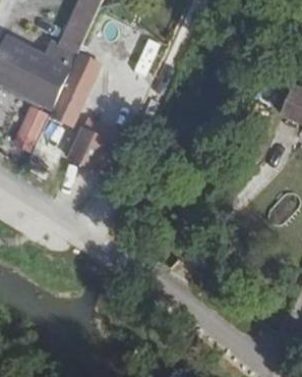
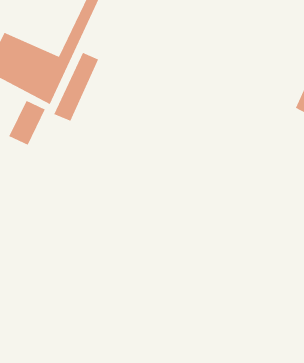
building: [69,129,107,169] -> none

